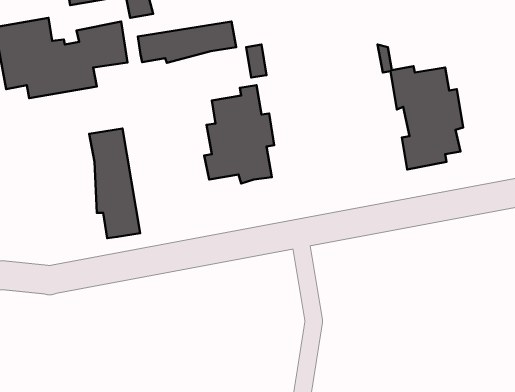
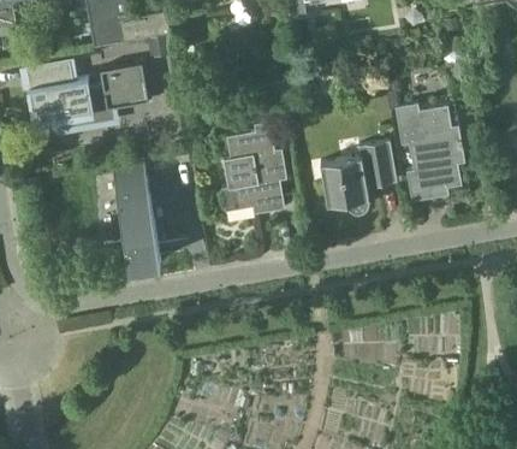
building: [138,22,236,63] -> none
building: none -> [320,142,397,211]

